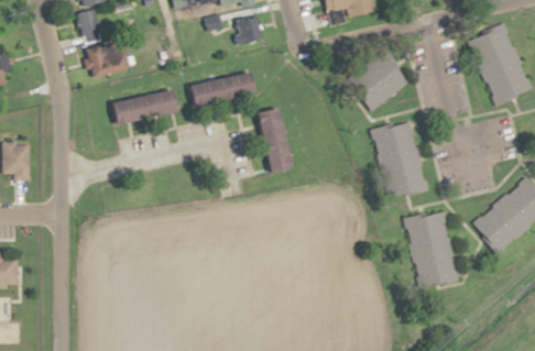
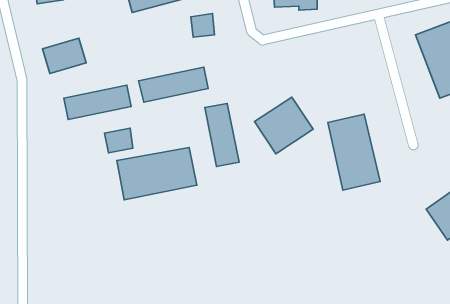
building: [75,9,102,37] -> none
building: [346,53,406,111] -> [255,97,313,154]
building: none -> [104,128,133,153]
building: none -> [117,148,197,200]
building: [411,211,463,286] -> none

